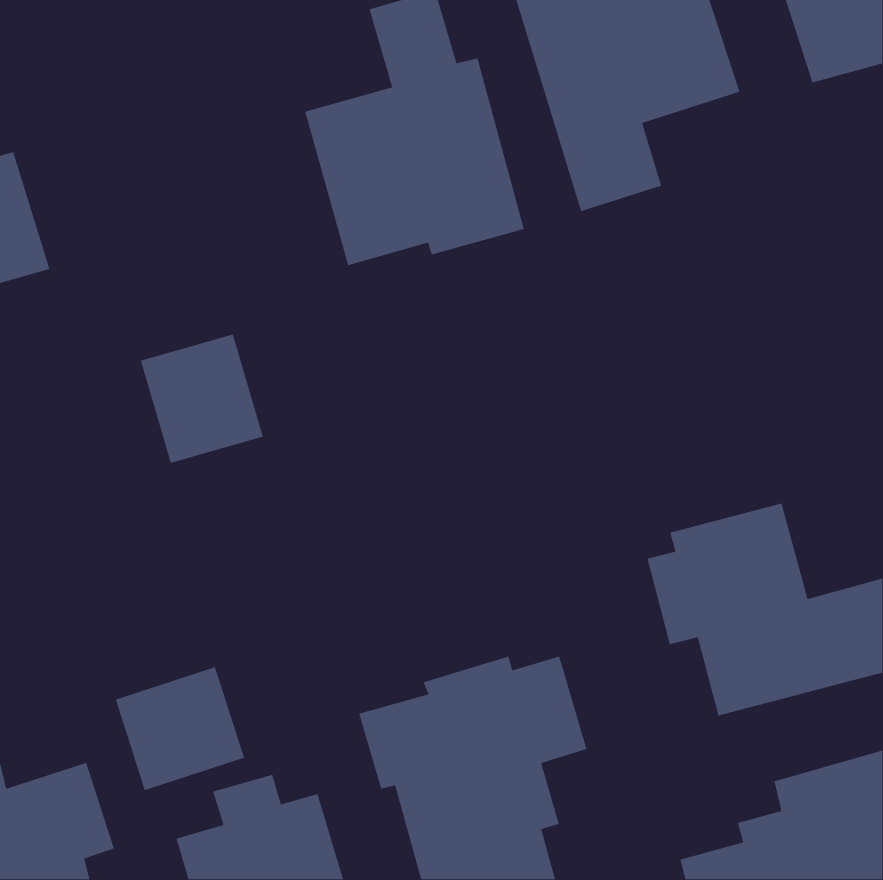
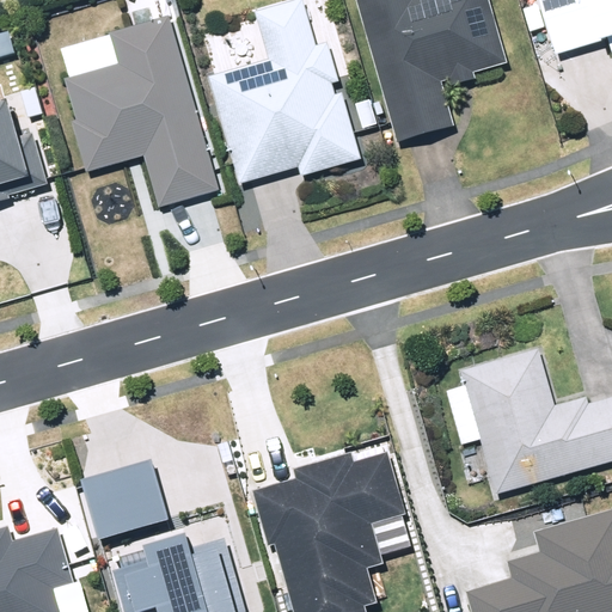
building: none -> [66,16,218,208]
building: [140,333,264,464] -> none

